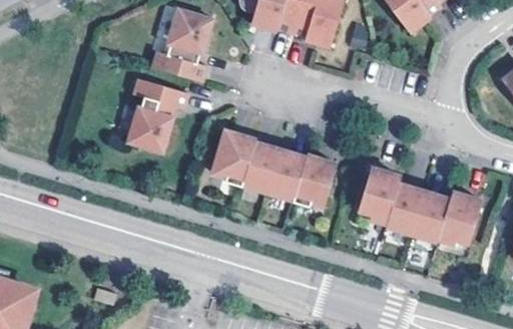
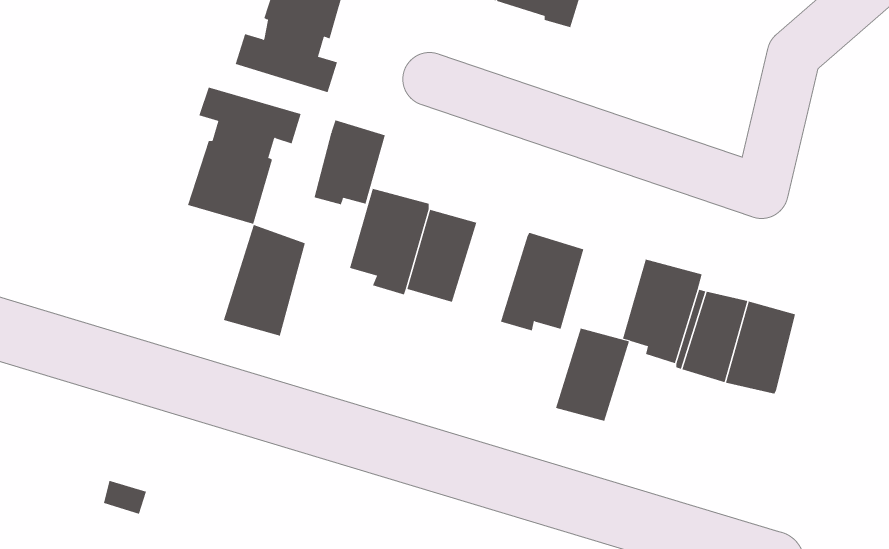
building: none -> [314,120,386,205]
building: [268,148,307,198] -> [555,328,630,421]
building: none -> [223,224,306,337]
building: [438,190,480,242] -> none

